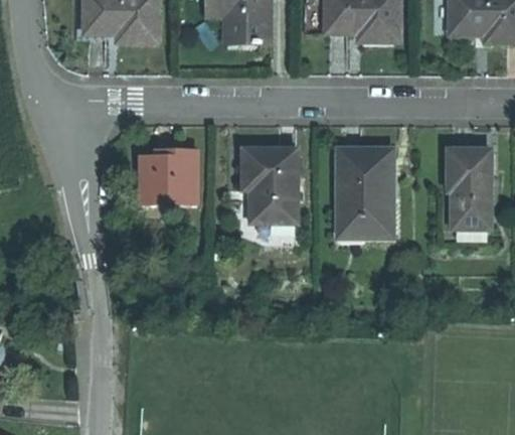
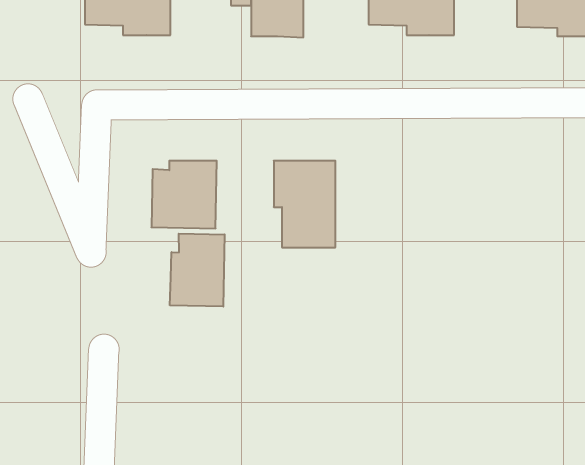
building: [338,150,390,238] -> none
building: [450,151,490,230] -> none
building: none -> [170,234,225,307]

